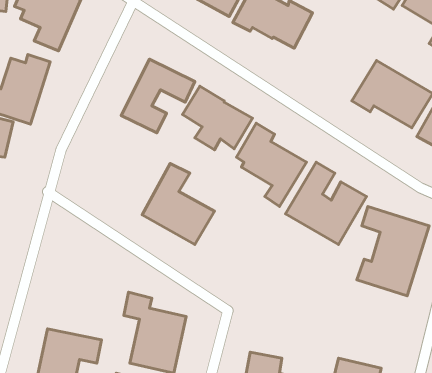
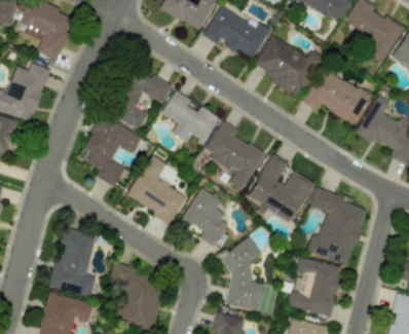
building: none -> [252,34,324,97]
building: none -> [79,115,142,187]
building: none -> [181,187,227,247]
building: none -> [48,227,96,297]
building: none -> [219,236,265,312]
building: none -> [287,257,341,317]

